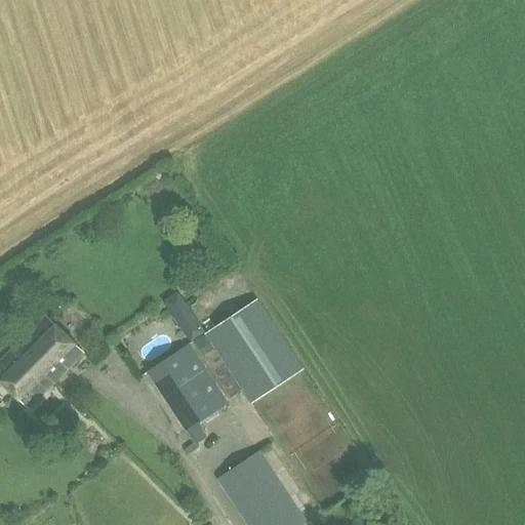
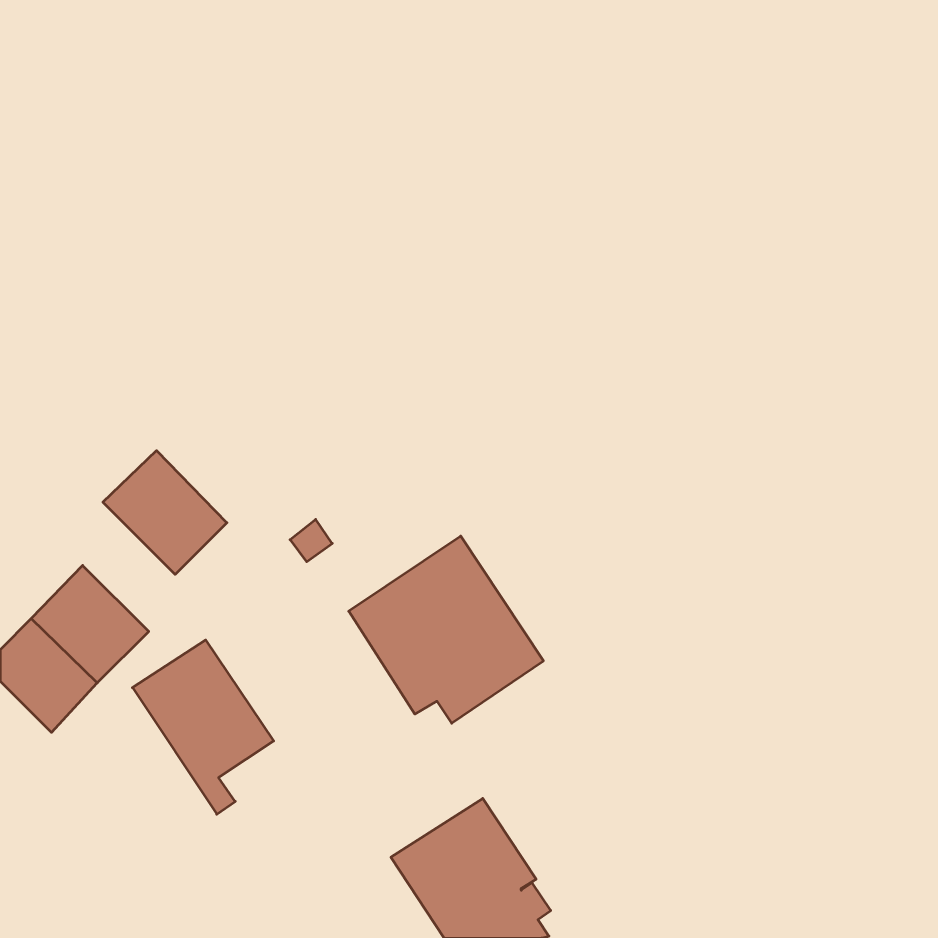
building: none -> [103,451,227,574]
building: [148,346,227,443] -> [132,640,274,814]

